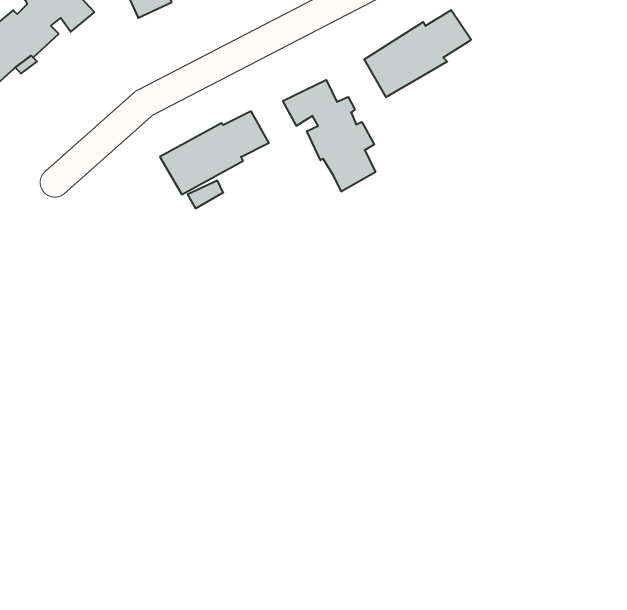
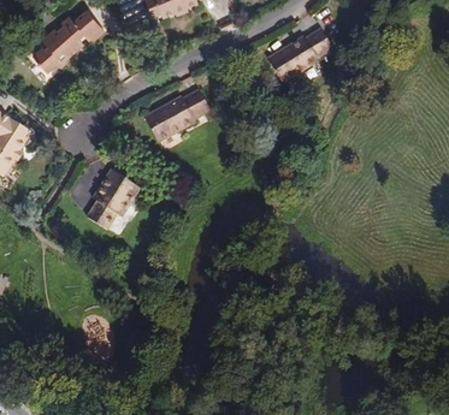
building: [283,80,375,192] -> none
building: none -> [85,168,140,230]

